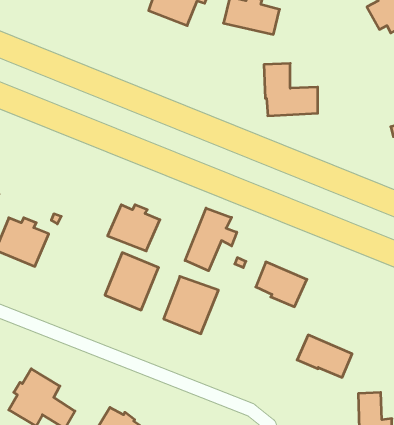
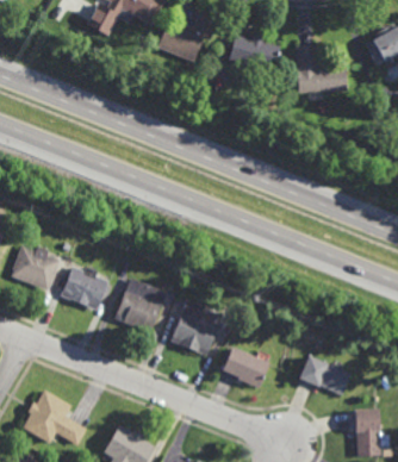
building: [264,63,318,116] -> [294,44,346,94]
building: [108,205,160,251] -> [60,267,110,311]
building: [185,208,237,271] -> none
building: [256,262,307,307] -> [222,349,270,392]

